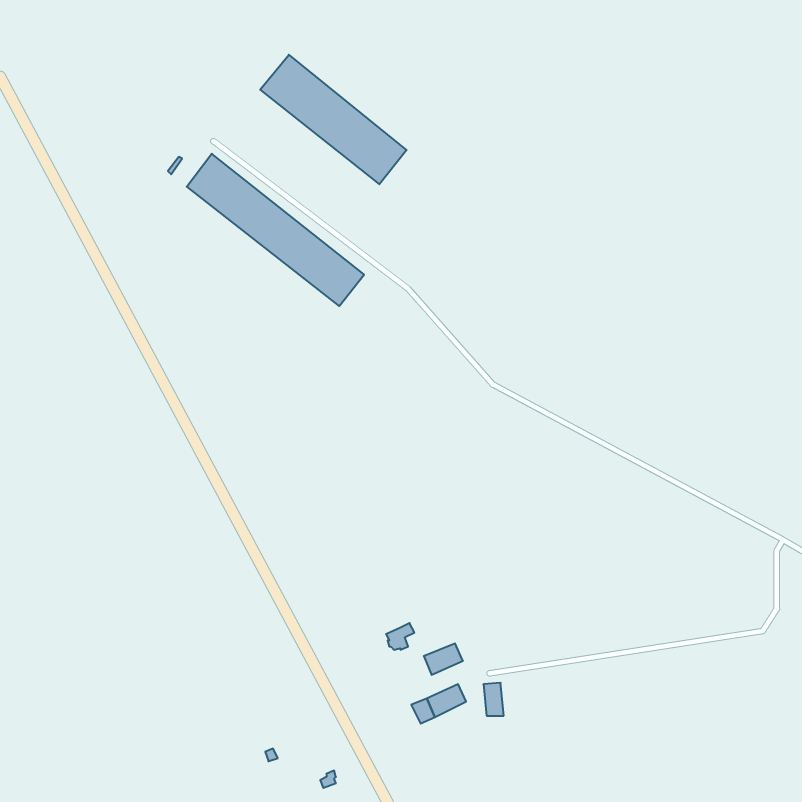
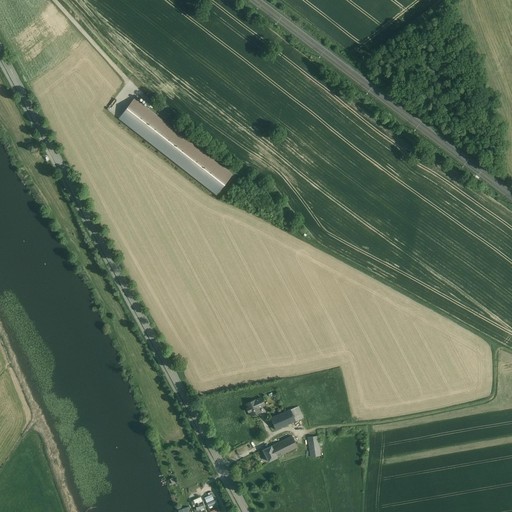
building: [260,55,407,184] -> none

